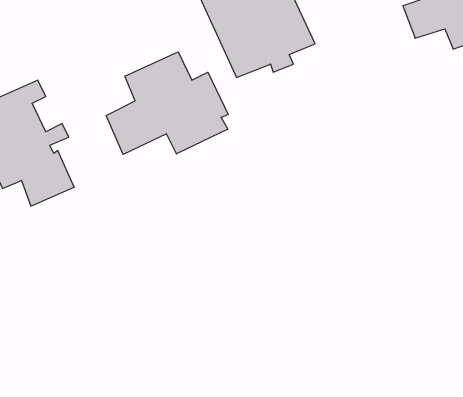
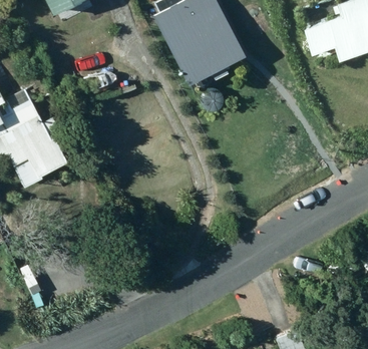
building: [106,52,228,154] -> none

